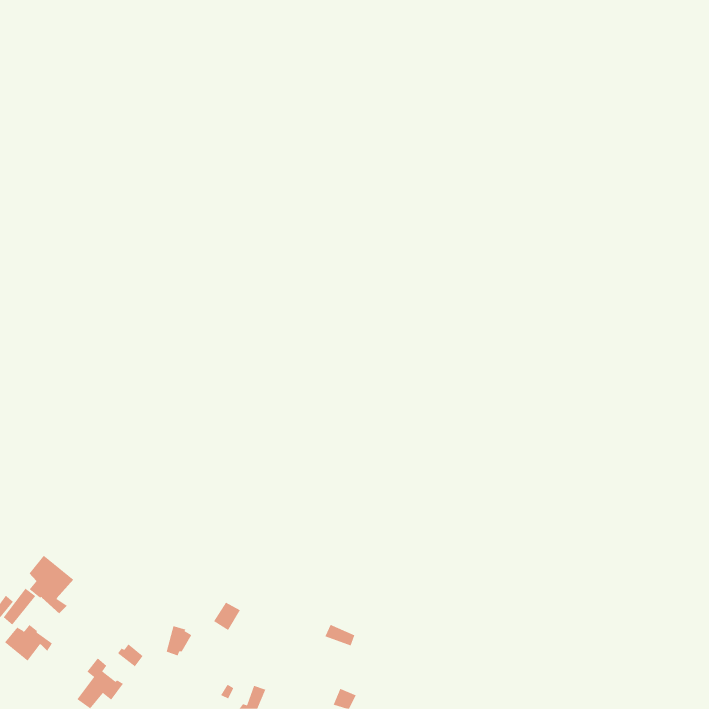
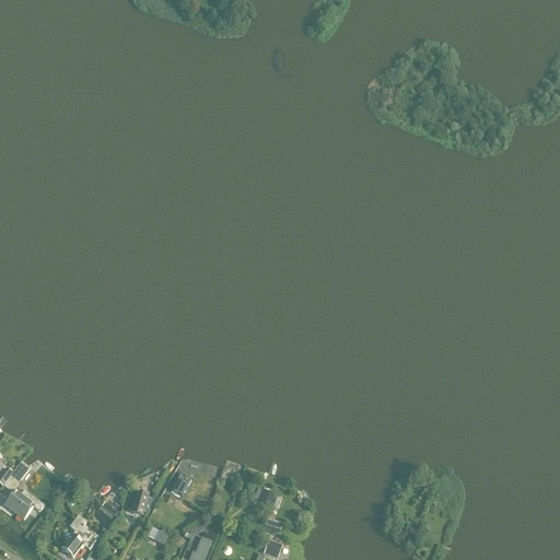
building: [29,555,74,614] -> none

